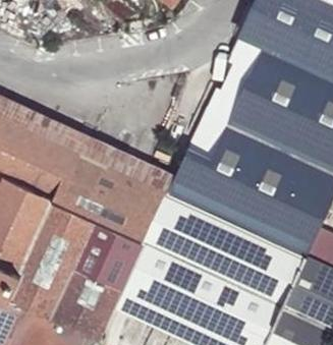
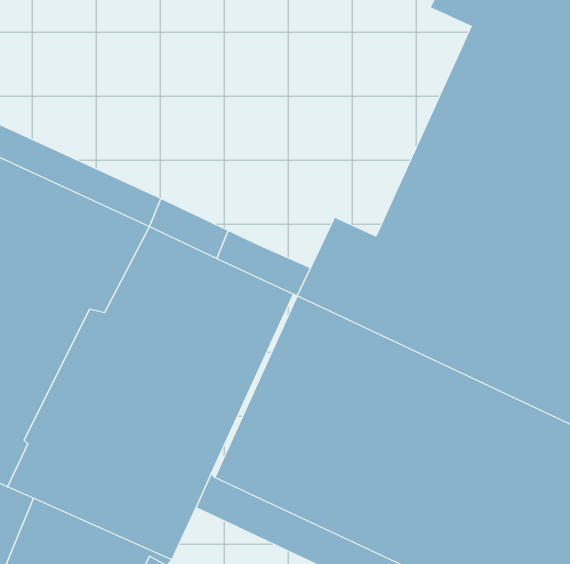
building: [186,35,261,159] -> none

